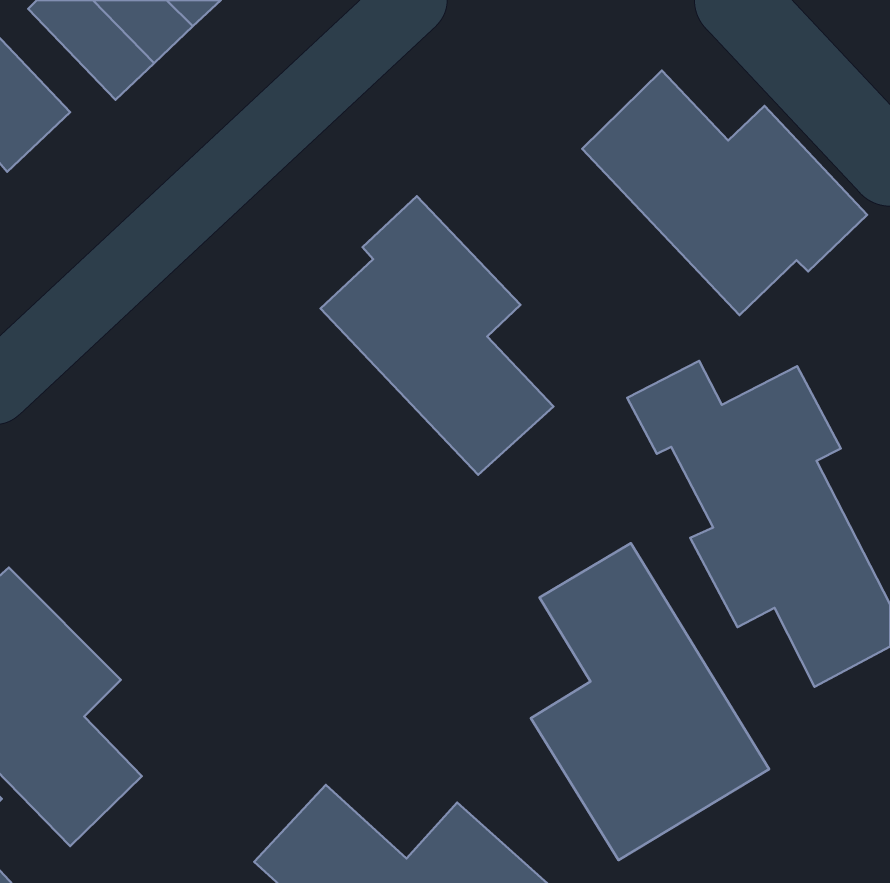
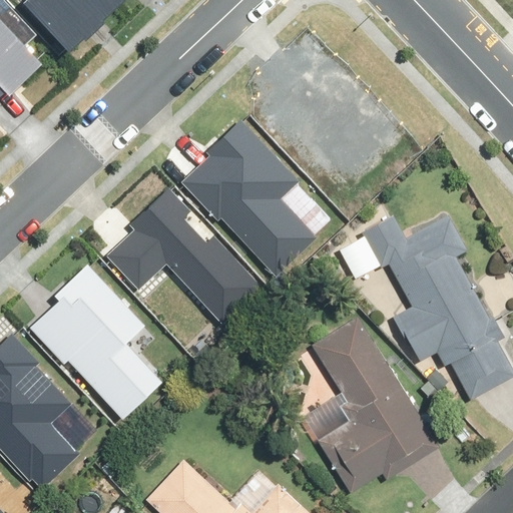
building: [582,71,867,315] -> none
building: none -> [105,184,262,323]
building: none -> [26,264,155,416]

